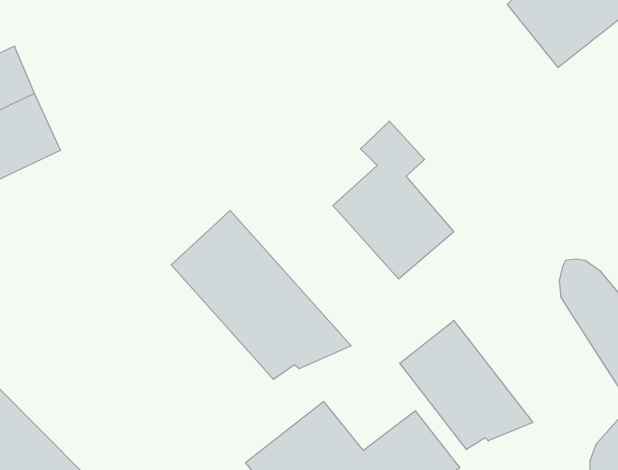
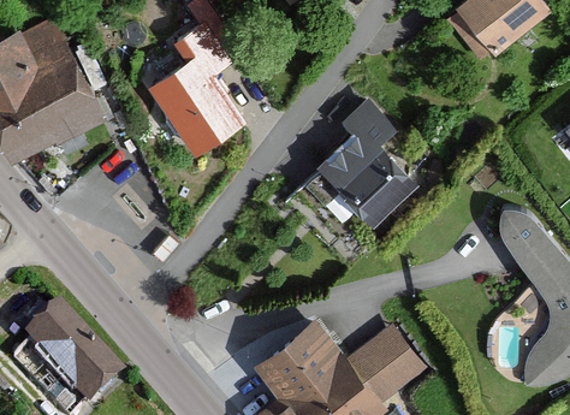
building: none -> [154,22,249,158]
building: [171,211,351,379] -> none
building: [400,320,533,450] -> none

